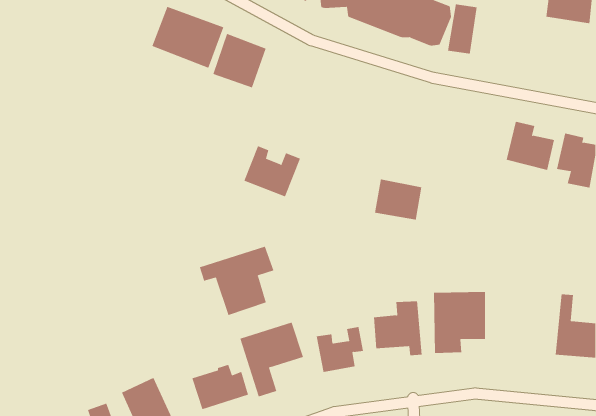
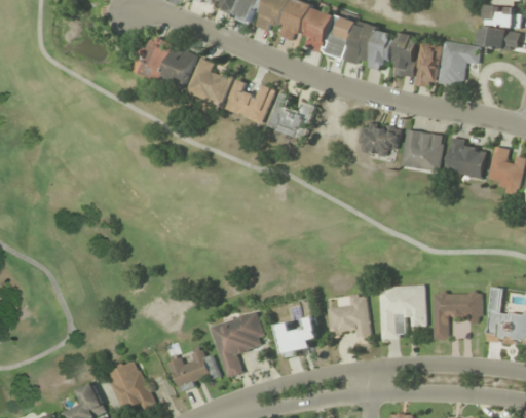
building: none -> [416,40,480,88]
building: none -> [268,93,315,140]
building: none -> [402,129,444,172]
building: [243,146,301,197] -> [225,79,275,124]
building: [374,179,422,220] -> [358,121,400,157]
building: [199,246,274,316] -> none
building: none -> [433,292,482,340]

